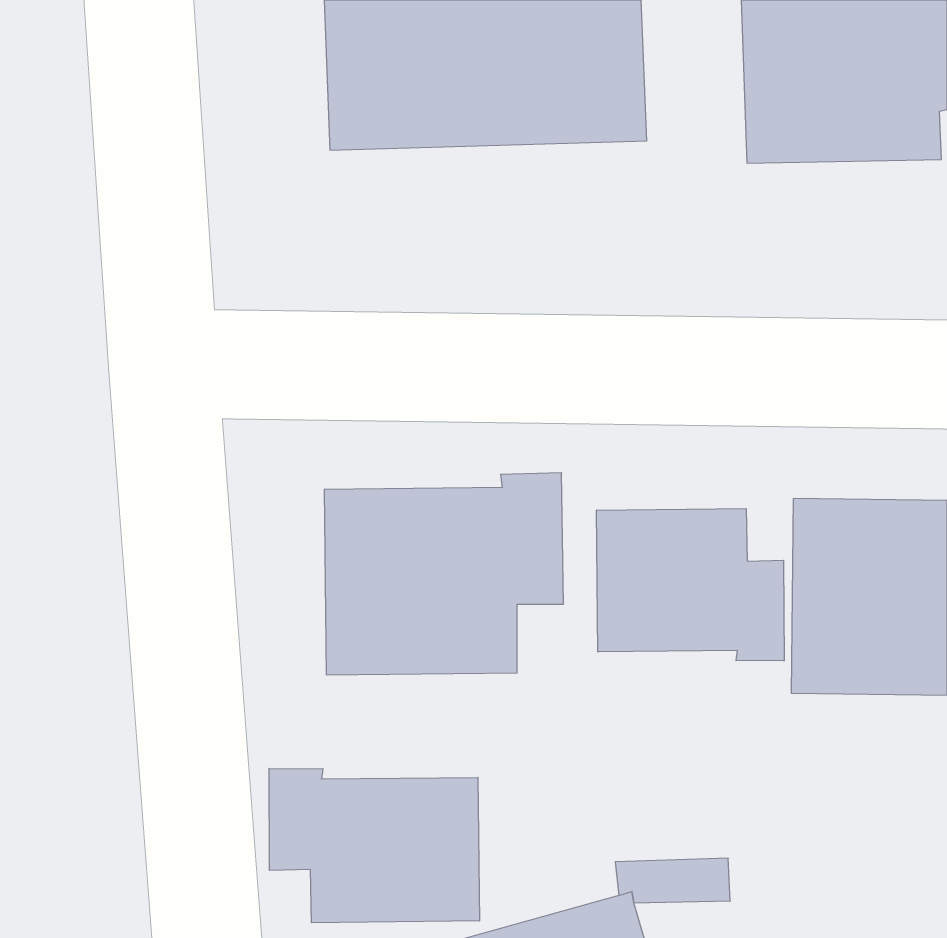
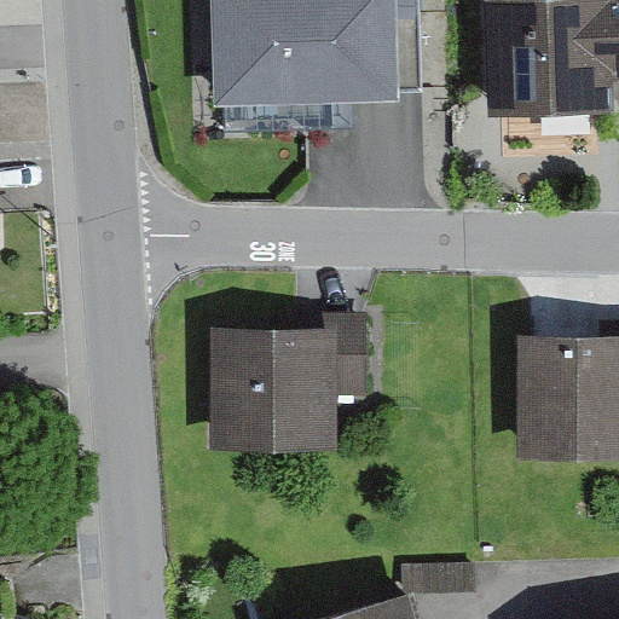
building: [597,509,784,661] -> none
building: [269,768,479,923] -> none

